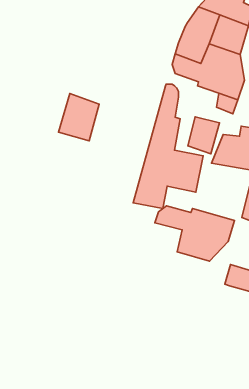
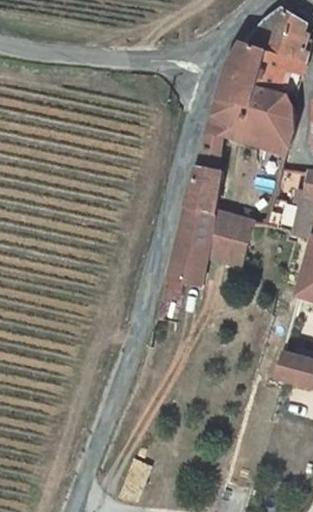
building: [58,93,99,141] -> none
building: [188,117,219,154] -> none
building: [155,206,235,261] -> none

